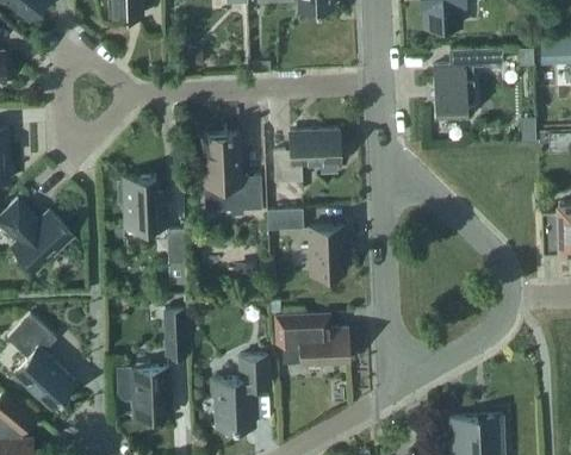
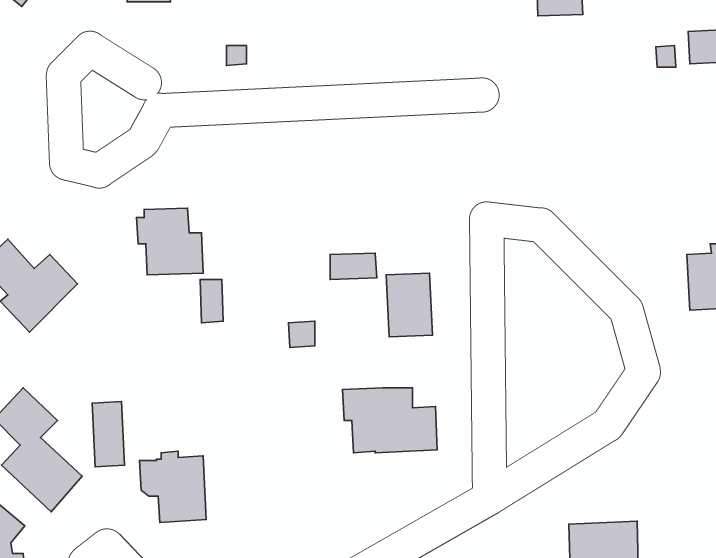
building: [433,48,502,119] -> none
building: [273,130,340,182] -> none
building: [193,135,262,212] -> none
building: [161,310,186,360] -> [92,402,125,467]
building: [212,356,269,429] -> none

